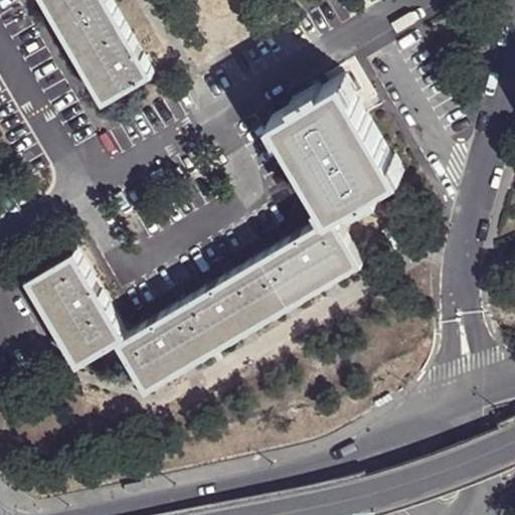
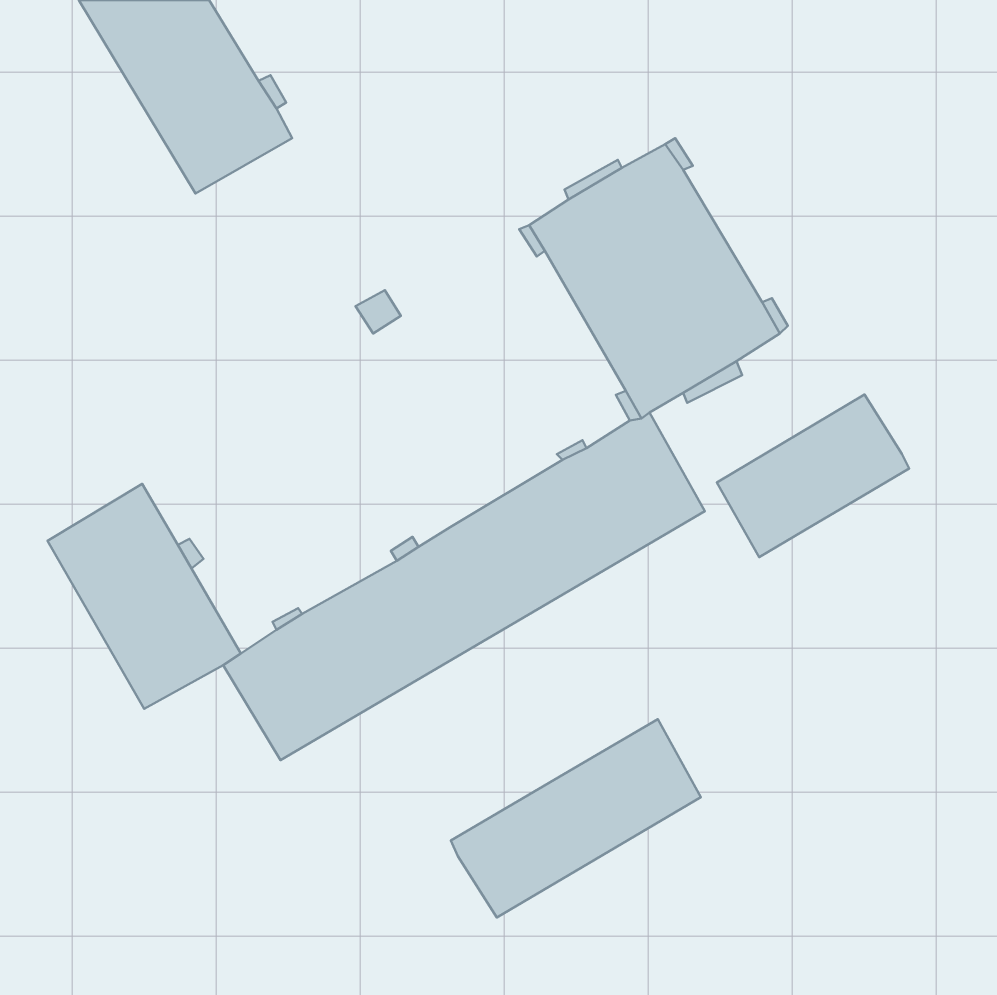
building: none -> [717,395,909,557]
building: none -> [451,719,701,917]

